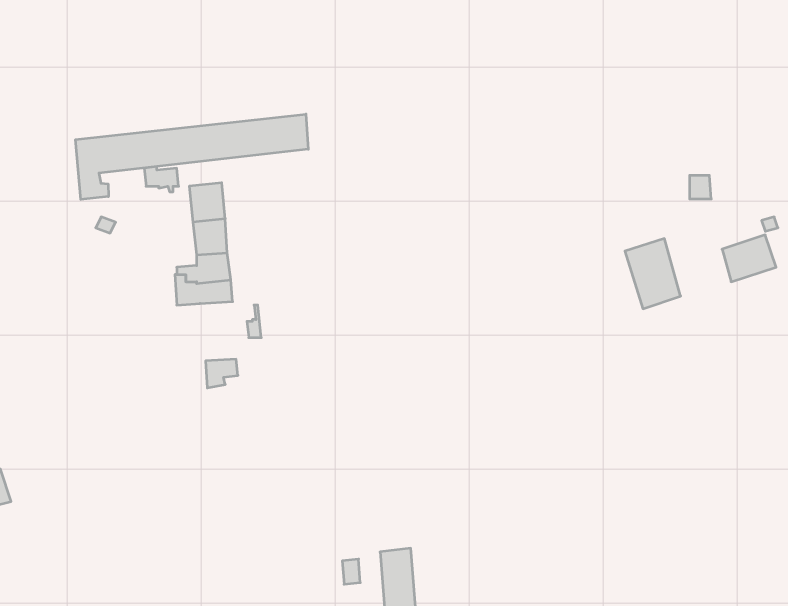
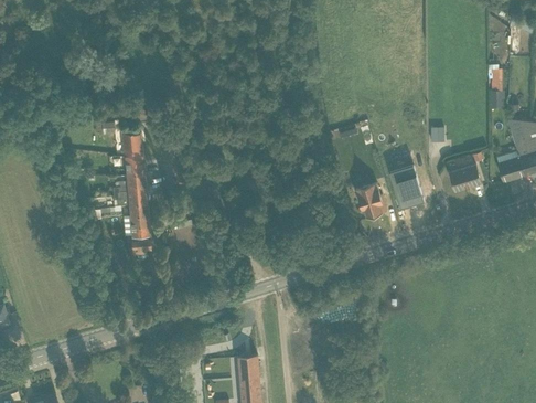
building: [76,114,308,199] -> none
building: none -> [354,182,386,216]
building: none -> [128,203,150,236]

